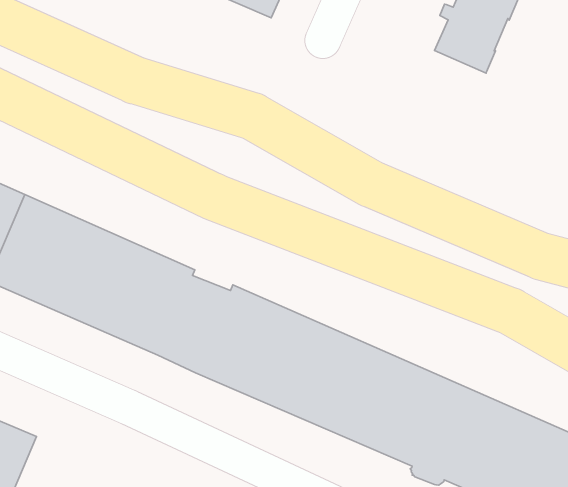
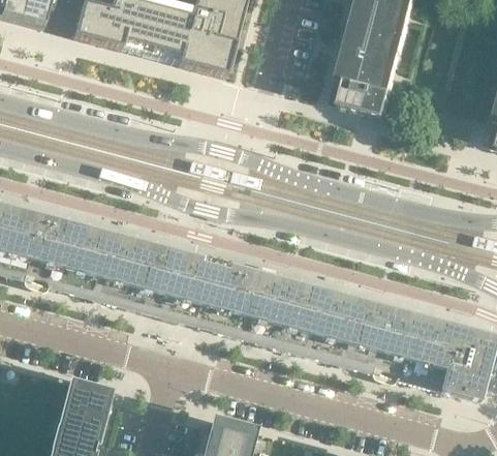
building: none -> [331,72,394,112]

